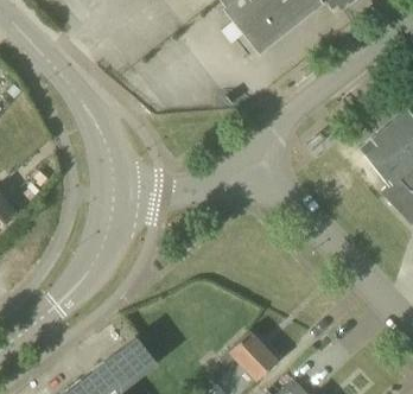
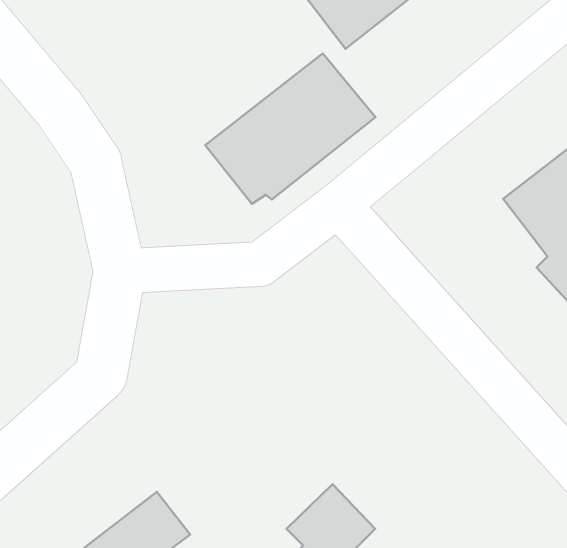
building: none -> [205,54,376,204]

